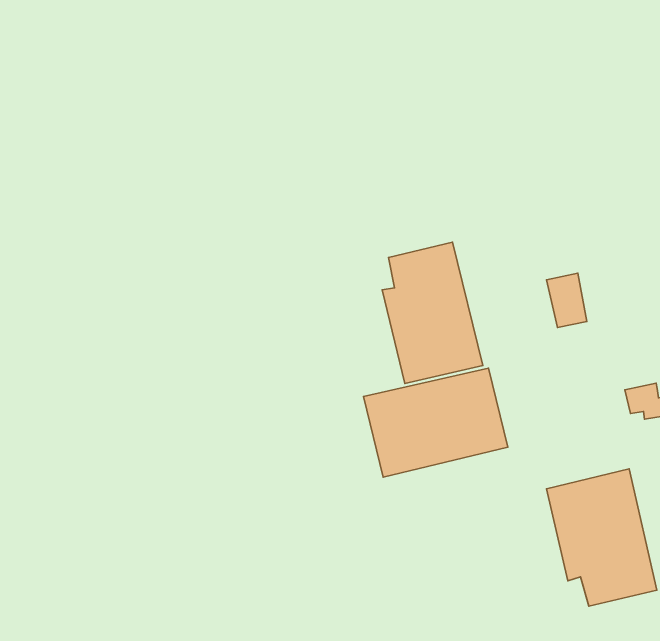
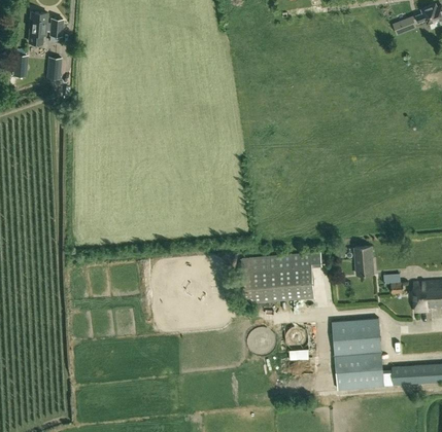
building: [382,242,483,384] -> none
building: [546,273,587,328] -> [354,247,373,275]

